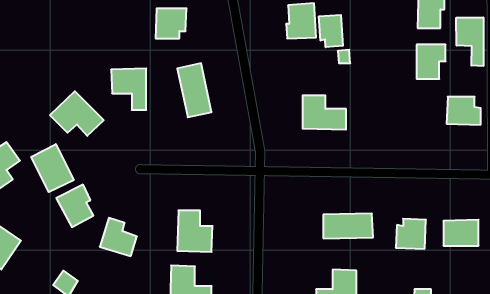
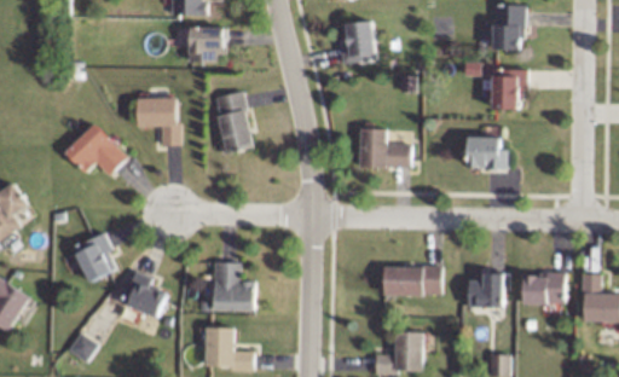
building: [319,15,343,47] -> none
building: [456,17,483,66] -> none
building: [447,97,481,125] -> [467,137,507,169]
building: [31,144,74,192] -> none

